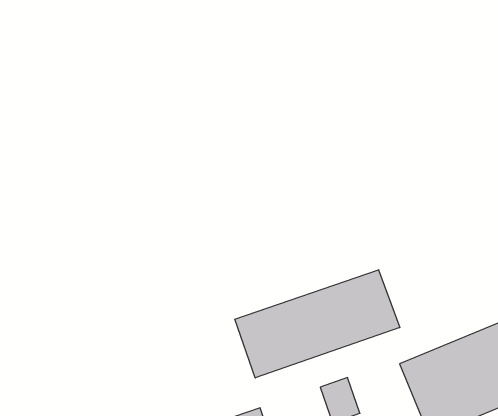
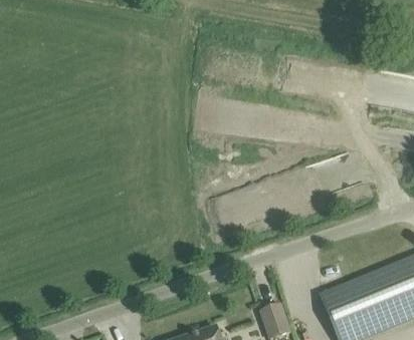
building: [235,270,400,378] -> none

